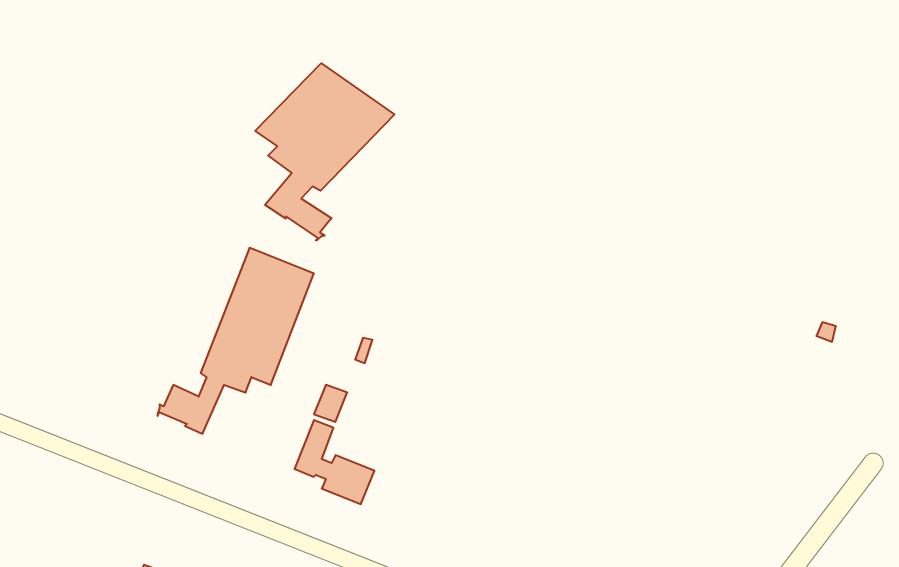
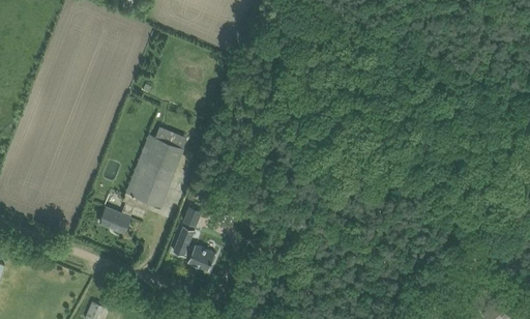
building: [255,63,394,240] -> none

